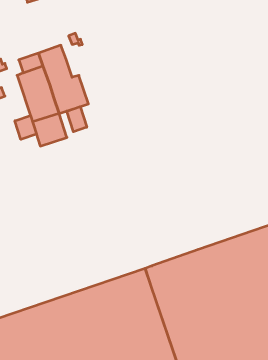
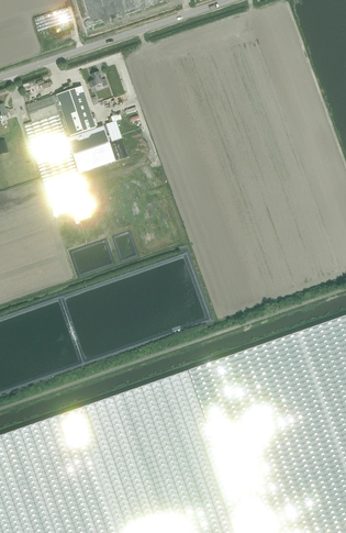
building: [67,107,87,132] -> none
building: [15,116,36,139] -> none

